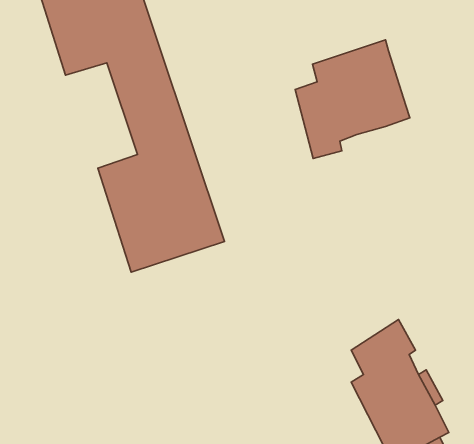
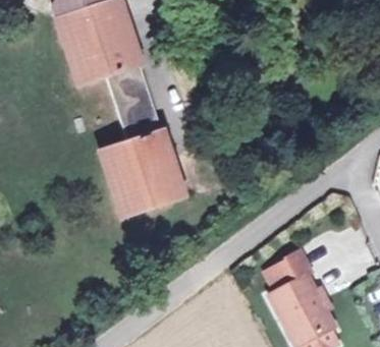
building: [295,40,410,159] -> none

